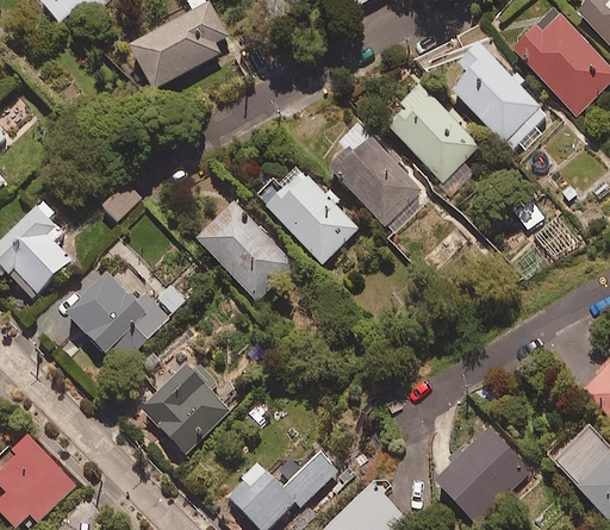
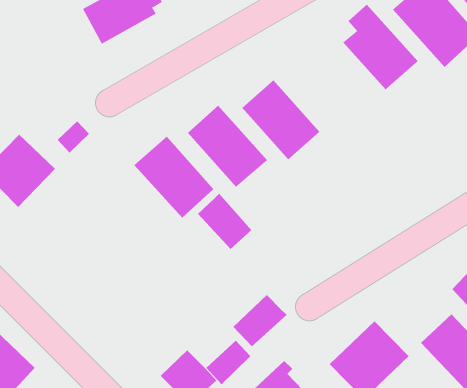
building: [390,83,478,182] -> none
building: none -> [197,193,252,250]
building: [66,275,185,364] -> none
building: [144,357,238,451] -> none
building: none -> [232,294,287,347]

